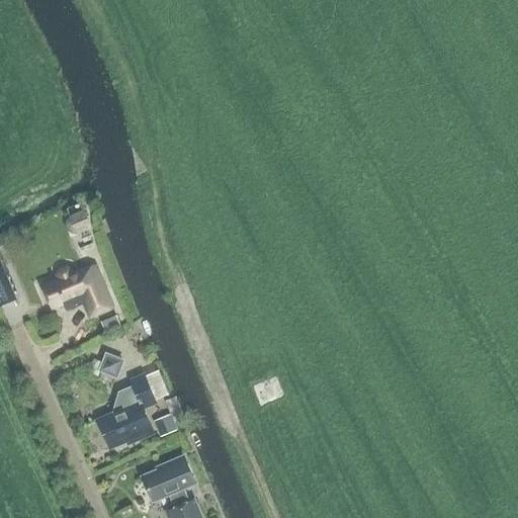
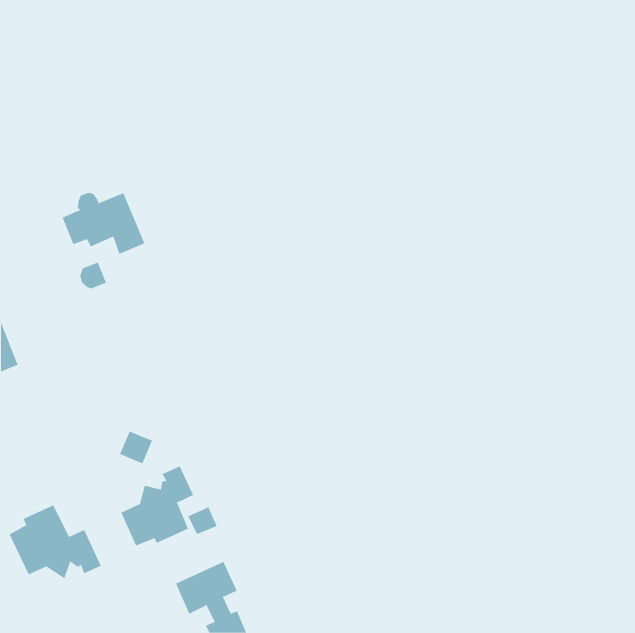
building: [44,265,111,316] -> [62,193,145,255]
building: none -> [9,504,102,579]

